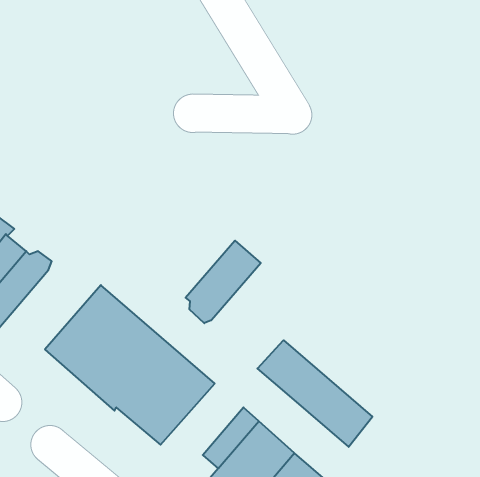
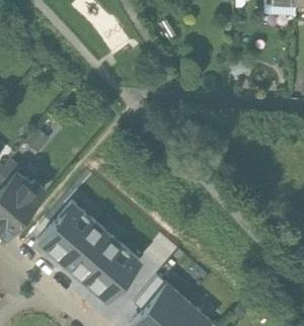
building: [186,241,261,323] -> none
building: [257,340,372,447] -> none

